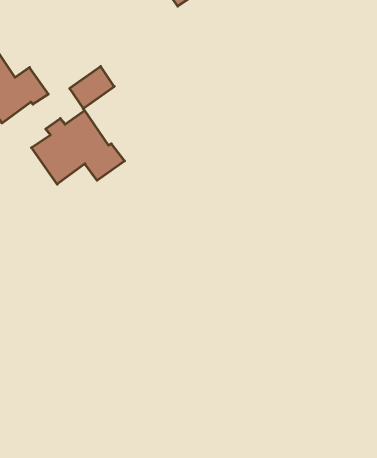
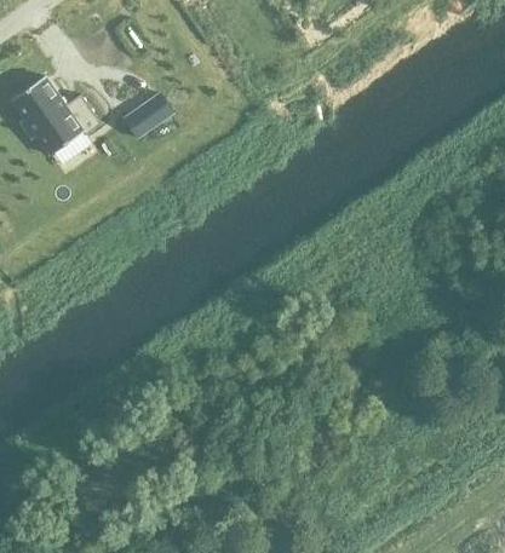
building: [31,110,125,184] -> none

